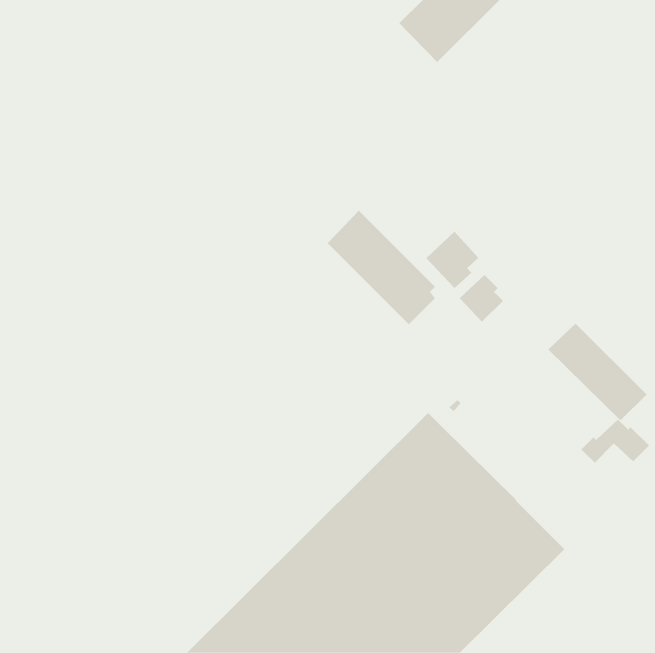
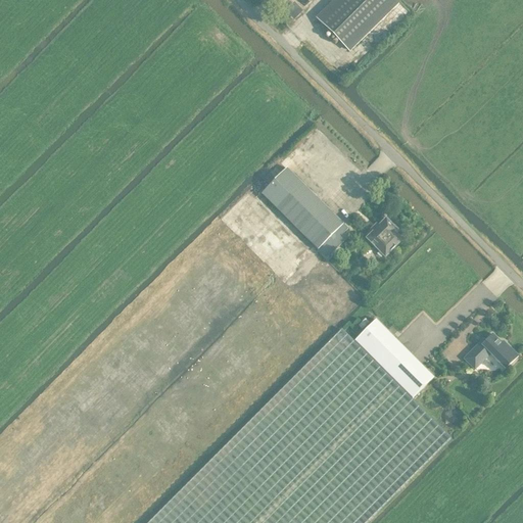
building: [426,231,479,289] -> none
building: [547,323,647,421] -> [353,320,433,398]

